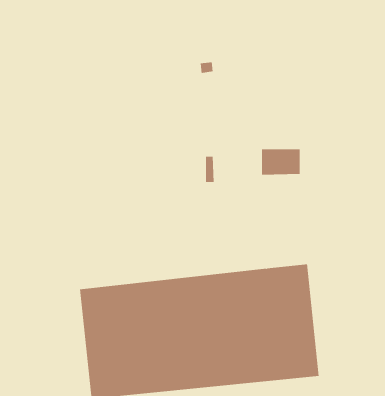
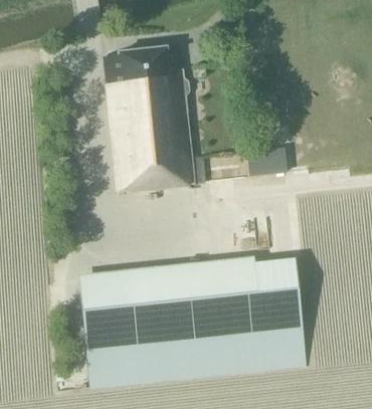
building: none -> [104,45,195,190]

